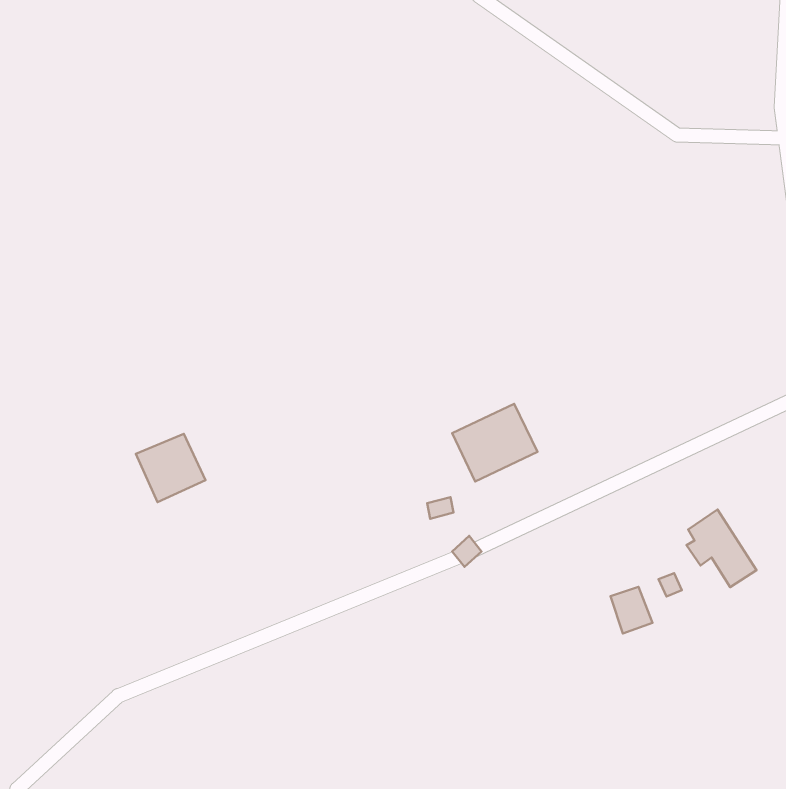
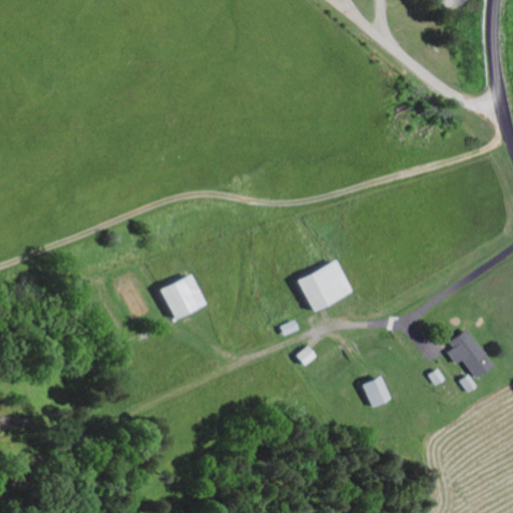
building: [136,434,206,502] -> [159,275,204,319]
building: [610,587,652,634] -> [365,377,392,407]

